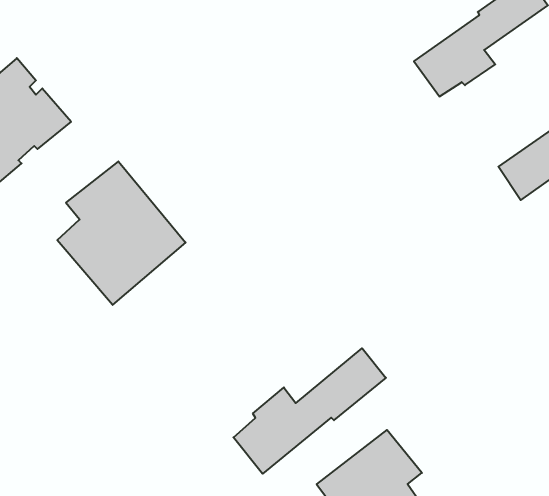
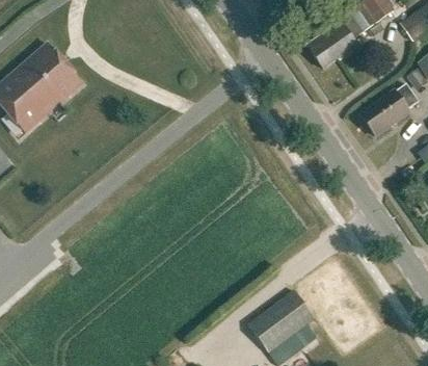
building: [57,161,186,305] -> none
building: [233,348,386,474] -> none

